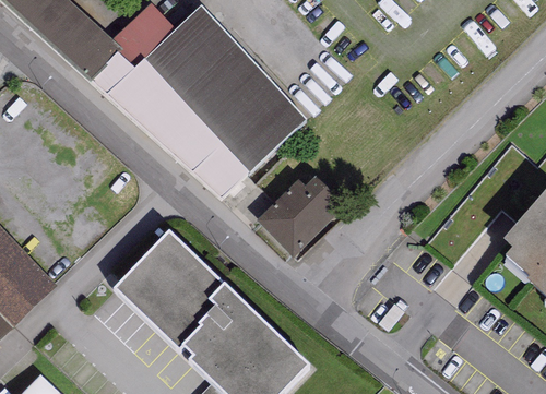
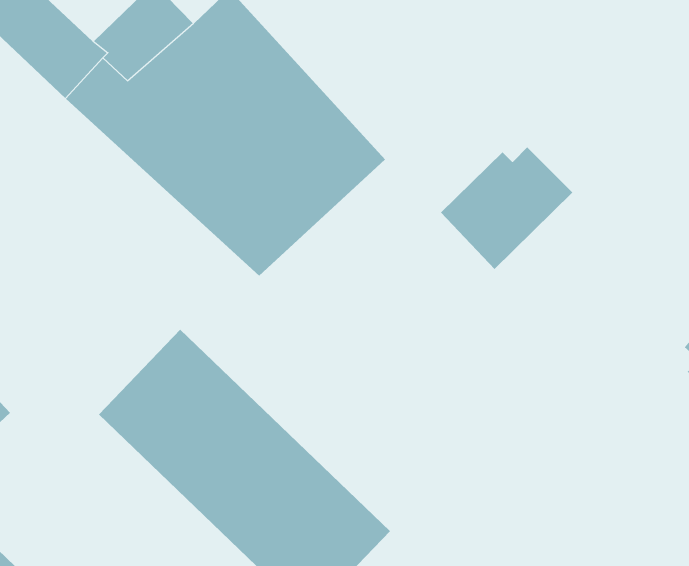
building: [257,176,345,258] -> [440,147,573,270]

